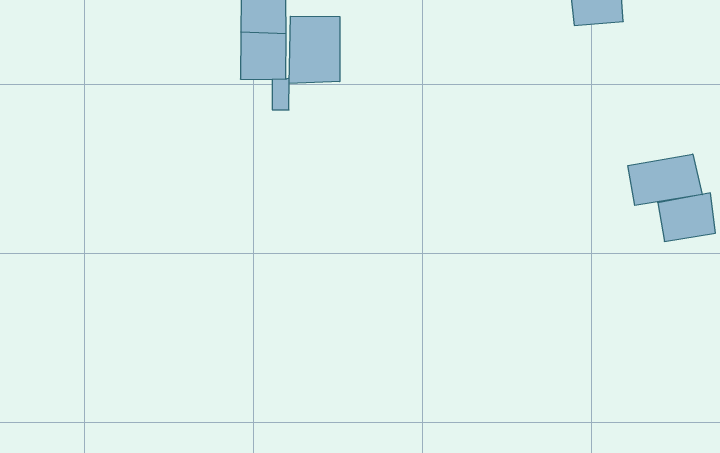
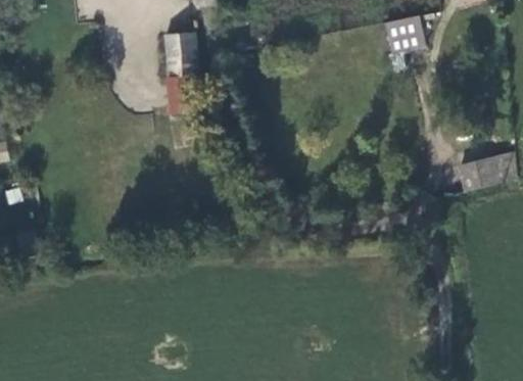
building: [289,16,340,84] -> none
building: [628,154,702,205] -> none

